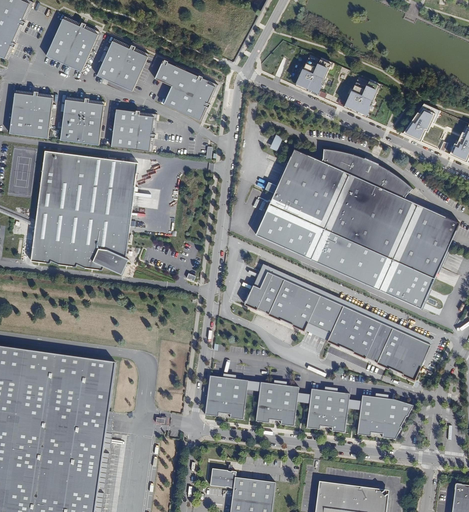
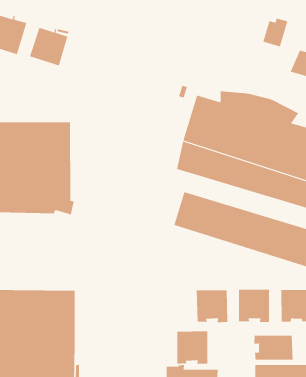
building: [294,52,330,90] -> none
building: [154,61,214,121] -> none
building: [344,75,378,111] -> [263,18,288,47]
building: [60,99,103,146] -> none
building: [110,110,152,152] -> none
building: [205,375,248,419] -> [177,331,208,364]
building: none -> [254,335,293,361]

